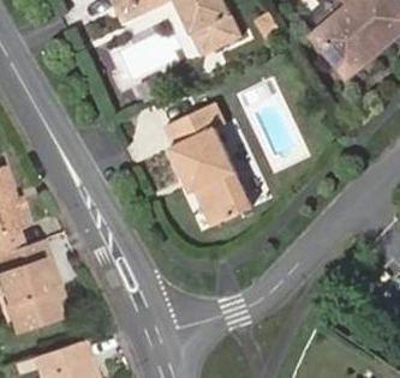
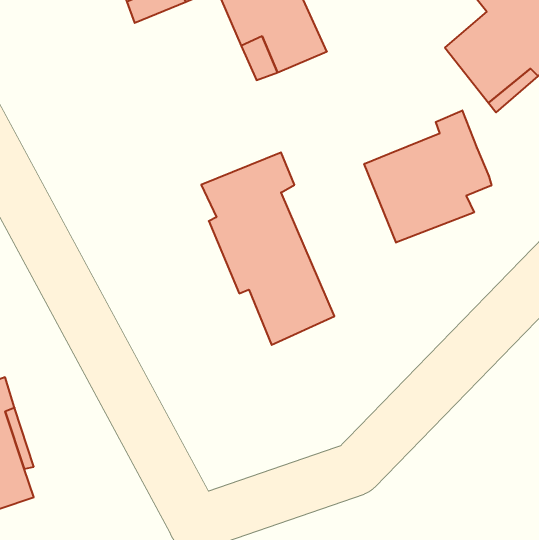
building: none -> [364,110,491,243]

